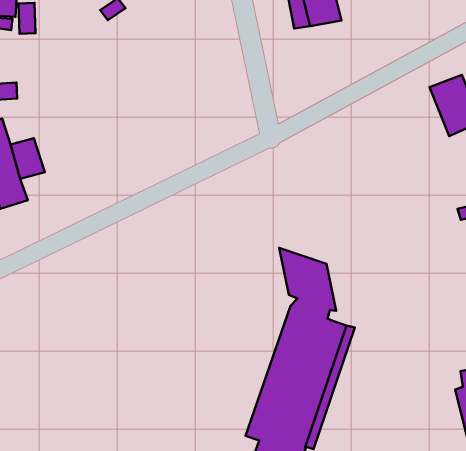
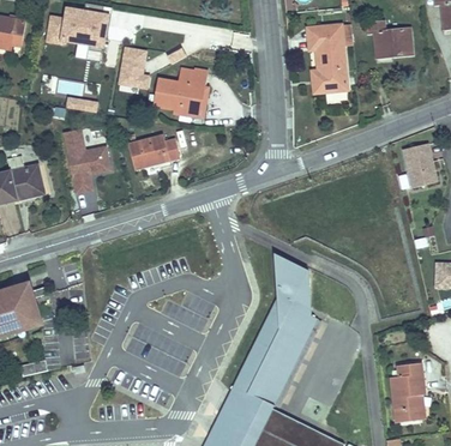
building: none -> [120,49,150,89]
building: none -> [151,66,204,112]
building: none -> [125,135,173,168]

